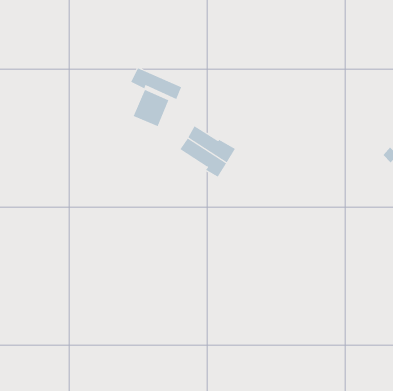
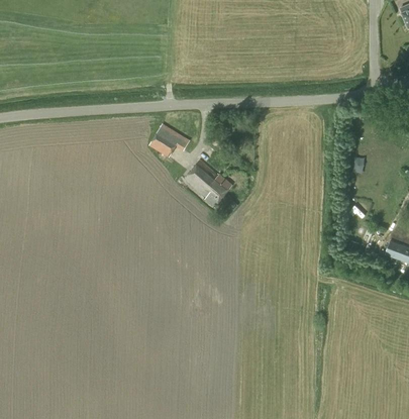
building: [131,67,182,100] -> none

